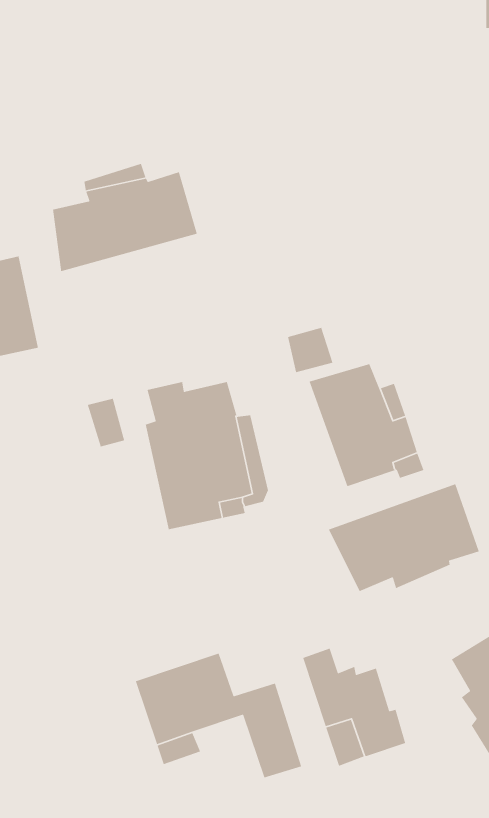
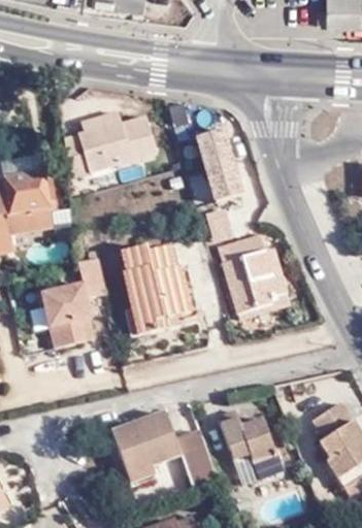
building: none -> [201,120,242,195]
building: none -> [41,270,101,342]
building: [328,483,480,592] -> none

